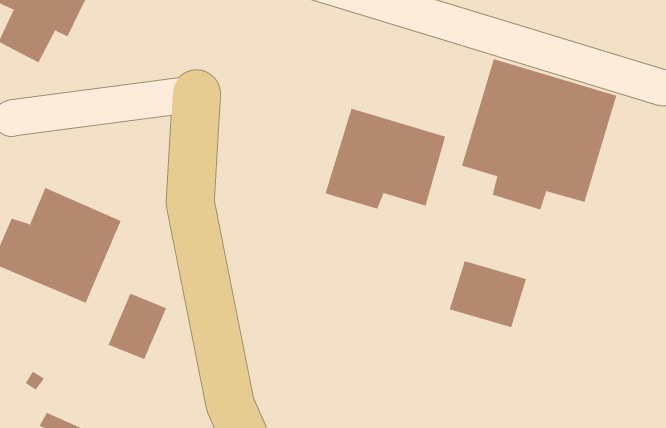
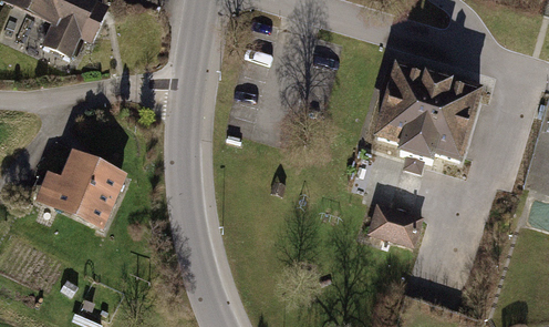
building: [325,108,446,209] -> none
building: [108,293,167,360] -> none

